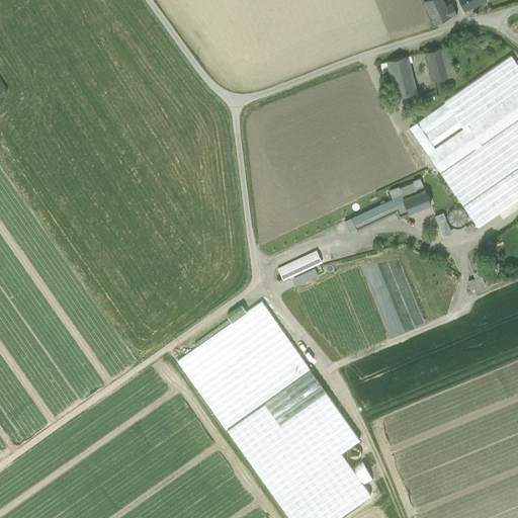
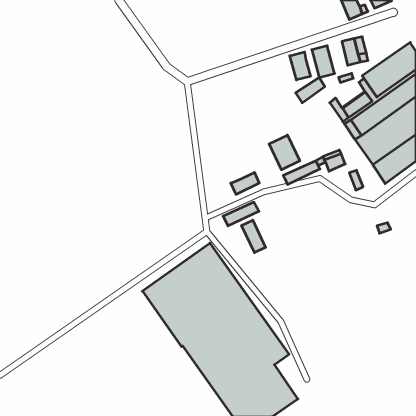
building: none -> [290,52,310,80]
building: [417,103,453,135] -> [296,77,325,103]
building: none -> [269,135,300,170]
building: none -> [231,172,259,194]
building: none -> [242,220,266,253]

